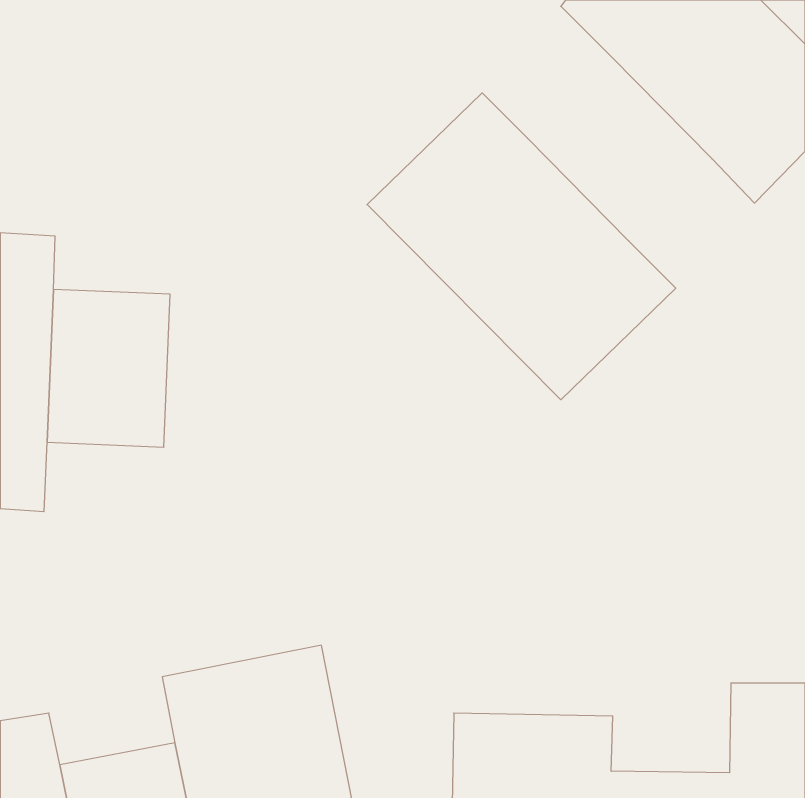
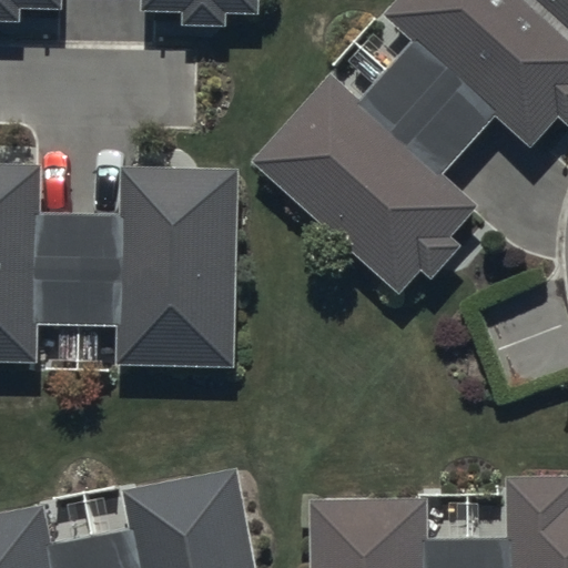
building: none -> [372,44,501,174]
building: none -> [114,165,236,362]

